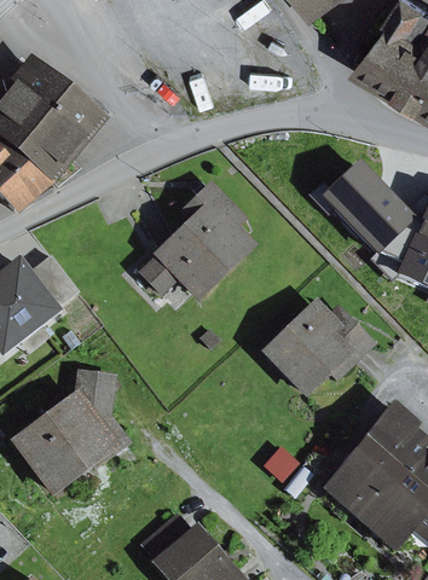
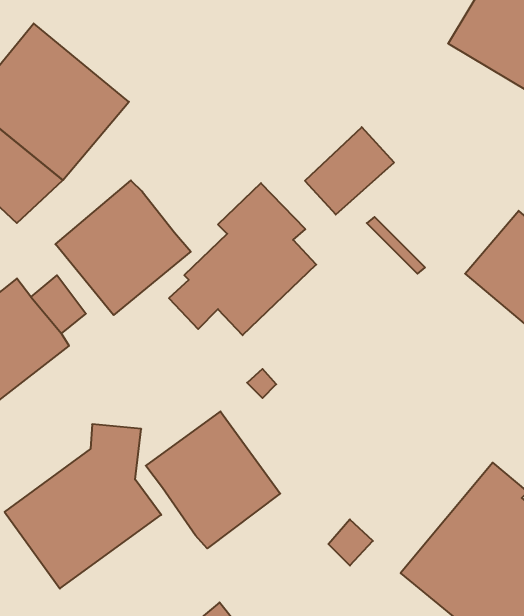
building: [323,174,393,243] -> [305,127,394,215]
building: none -> [55,180,191,315]
building: [259,298,376,398] -> none
building: none -> [146,411,280,548]

